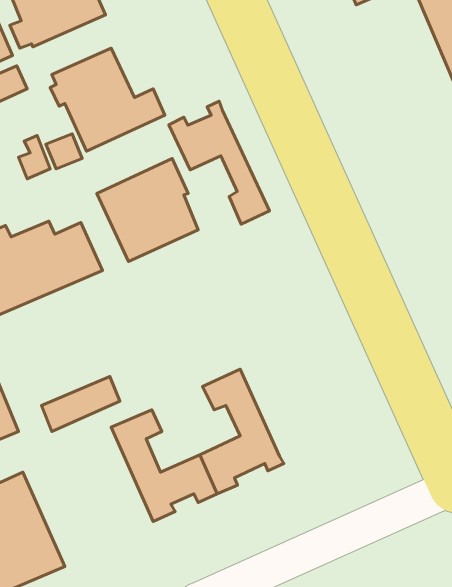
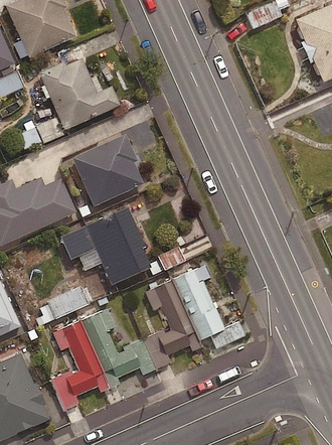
building: [169,101,270,224] -> none
building: none -> [61,208,152,284]
building: none -> [172,265,245,345]
building: none -> [53,320,112,408]

